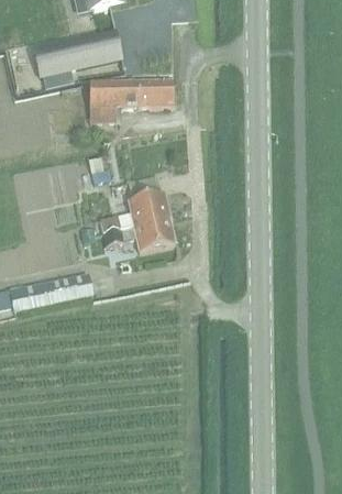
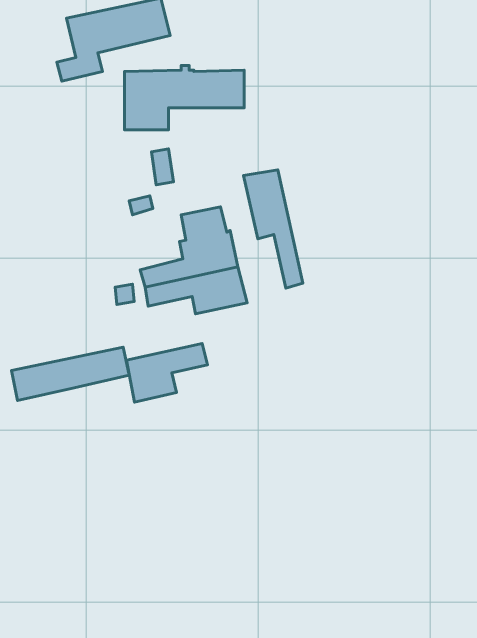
building: none -> [244,170,303,288]
building: none -> [126,344,208,402]

